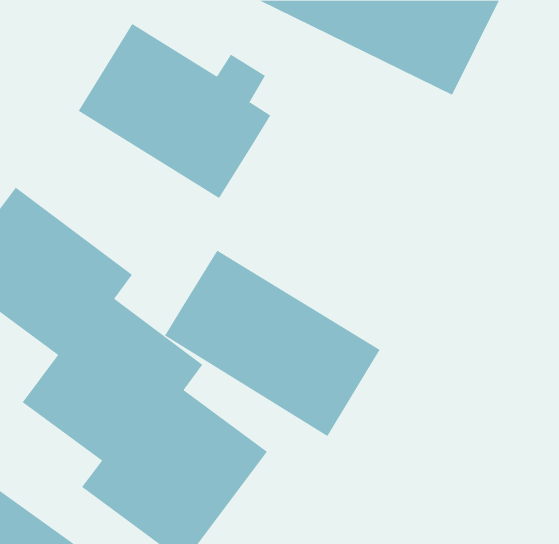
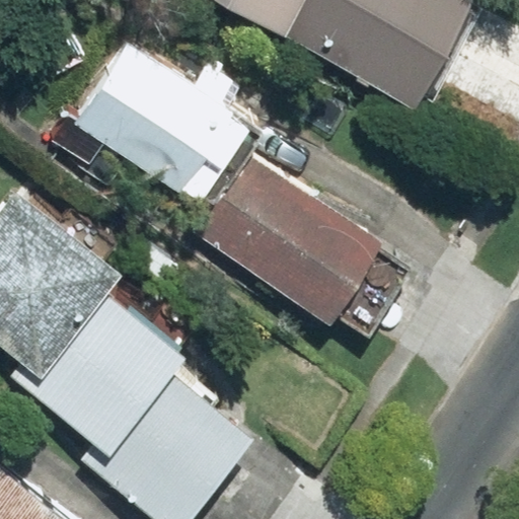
building: [164,250,381,437] -> [186,149,385,321]

